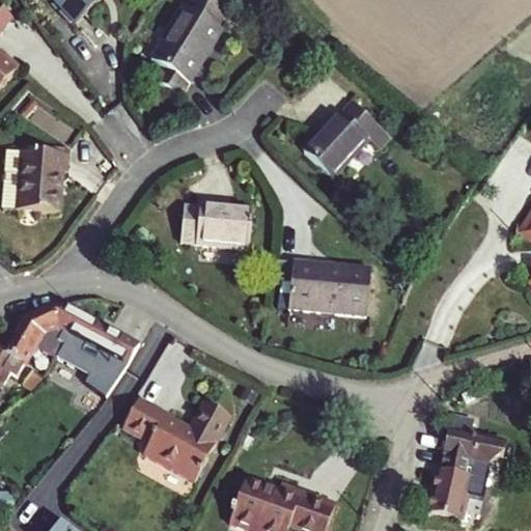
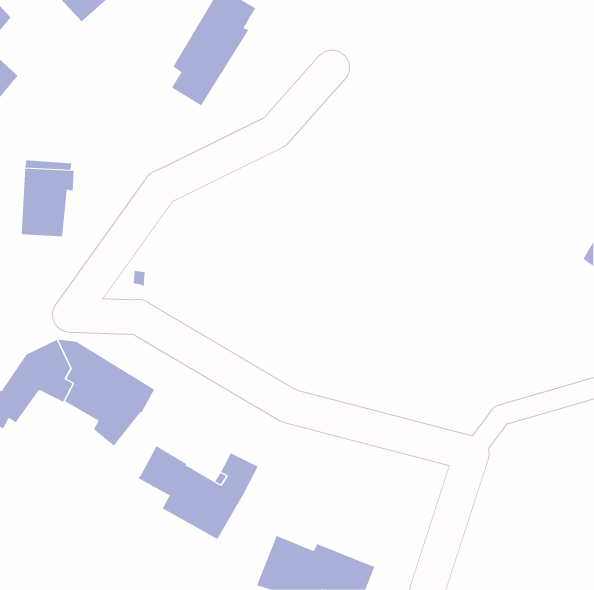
building: [303,101,390,175] -> none
building: [179,202,250,247] -> none
building: [287,261,368,315] -> none
building: [435,422,513,513] -> none

